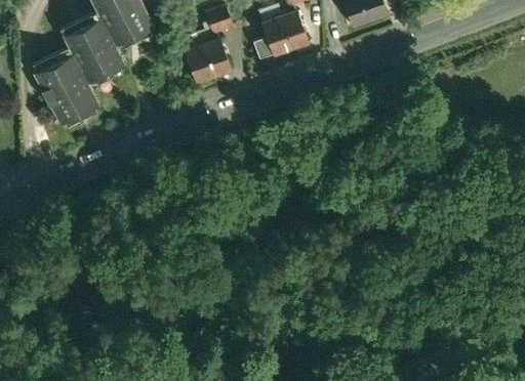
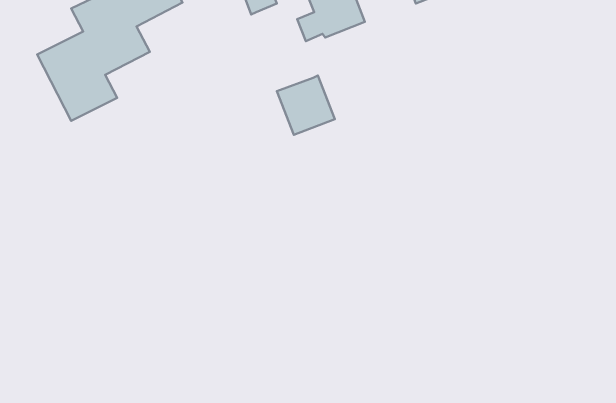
building: [183,36,232,86] -> [277,75,335,135]

